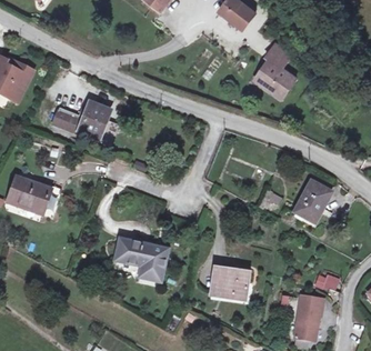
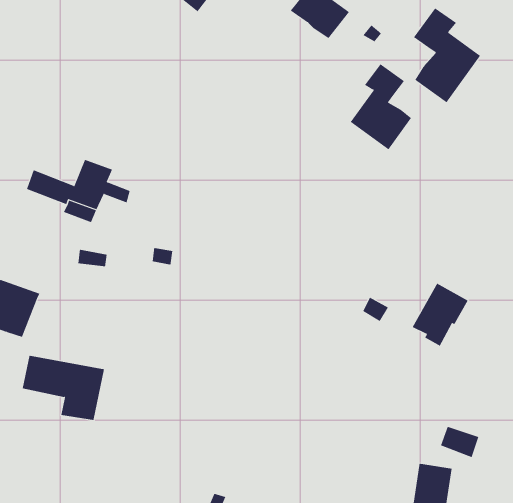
building: none -> [413,7,481,103]
building: [114,239,167,280] -> [22,355,105,420]
building: [211,268,249,299] -> none

